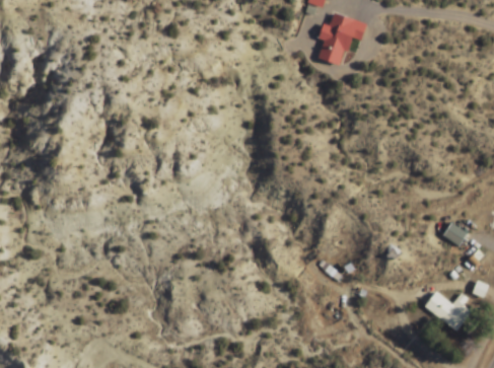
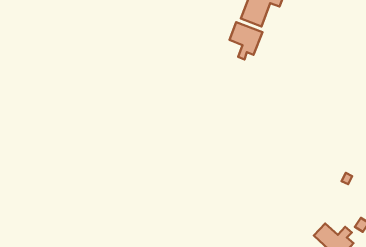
building: none -> [230,22,262,59]

